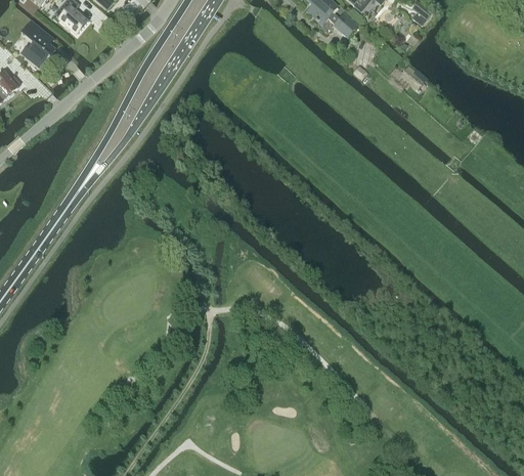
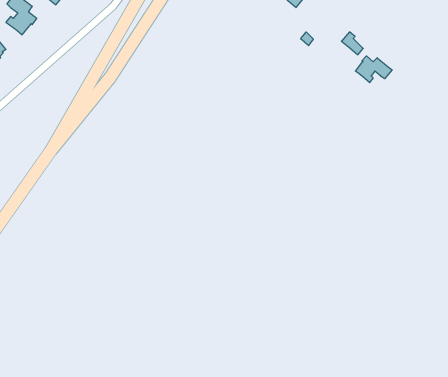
building: none -> [355,56,392,83]

